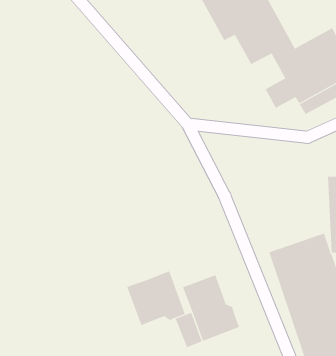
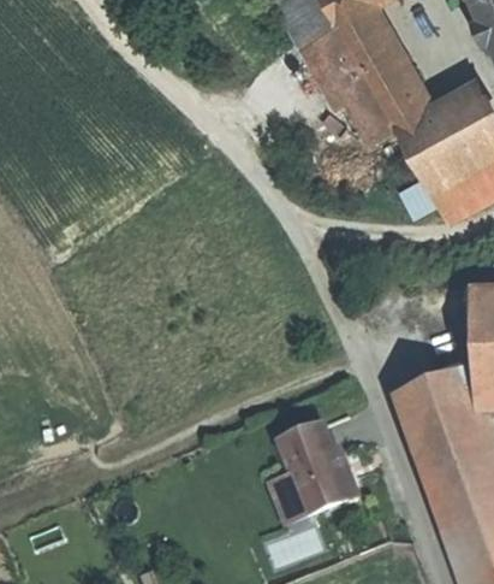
building: [126,271,185,326] -> none

